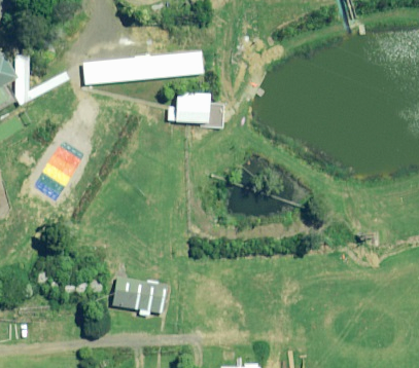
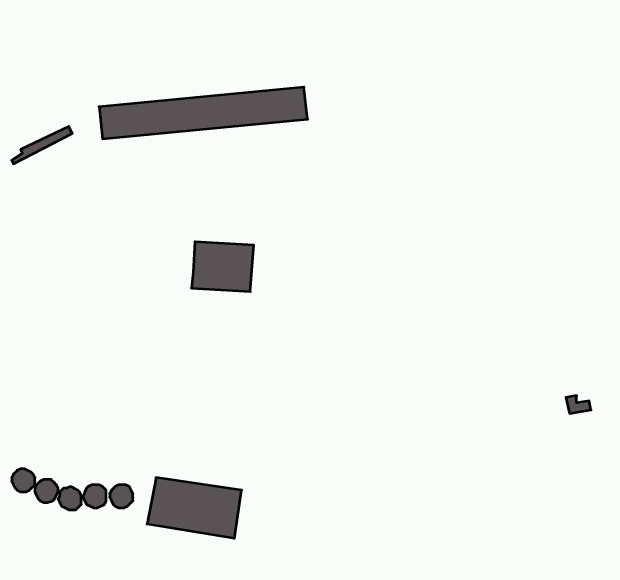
building: [177,95,213,123] -> [191,242,254,292]

